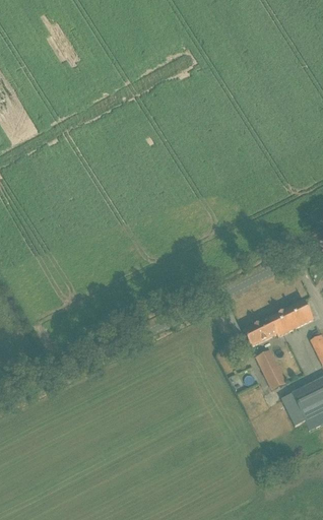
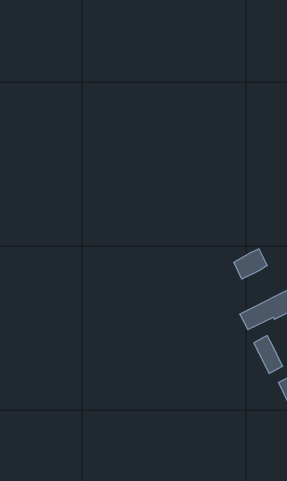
building: none -> [234,249,267,279]

